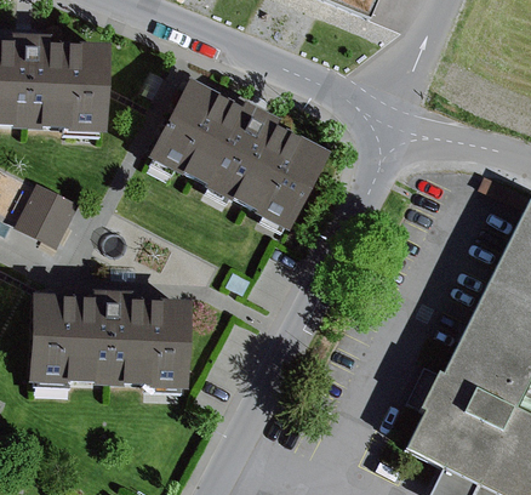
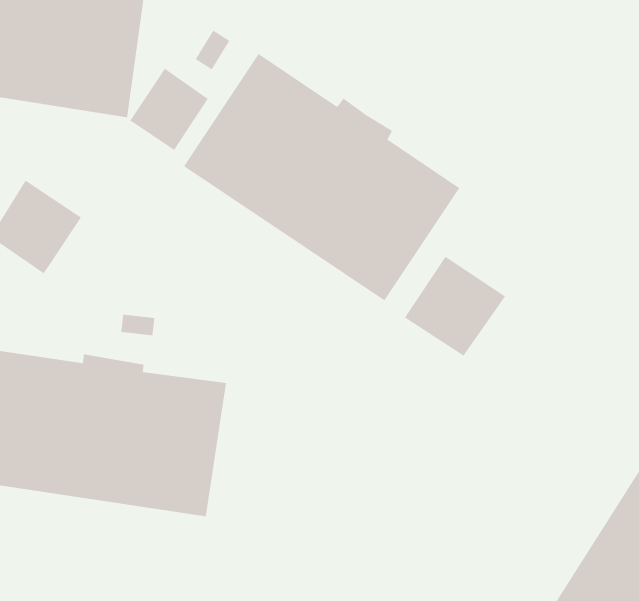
building: none -> [129,68,208,151]
building: none -> [404,256,506,357]

